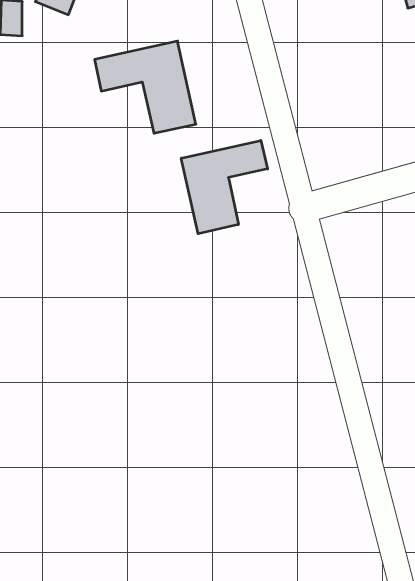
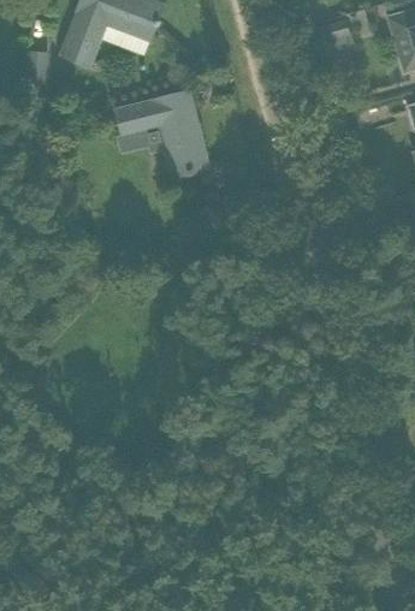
building: [181,140,268,234] -> none

